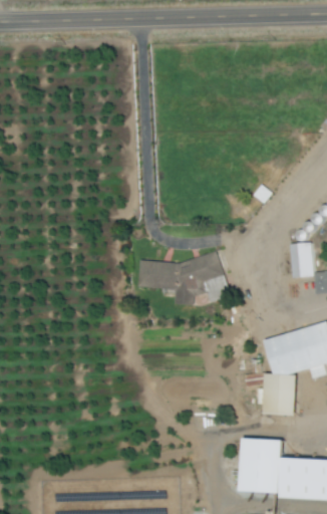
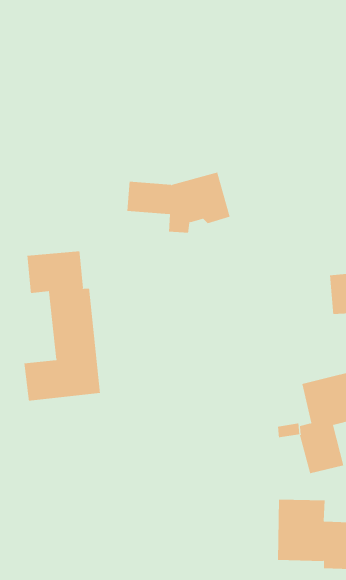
building: none -> [24,251,100,401]
building: [135,252,226,305] -> [126,172,230,233]

